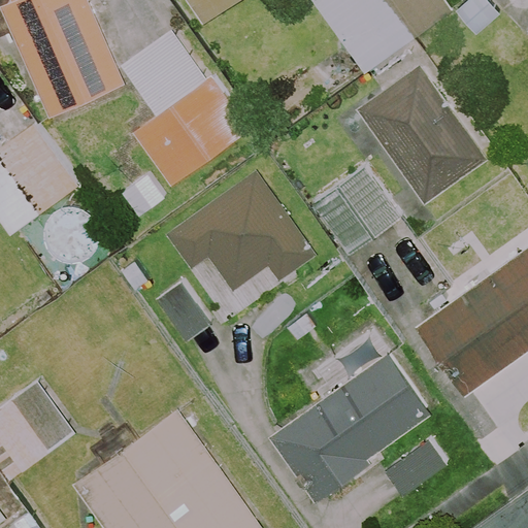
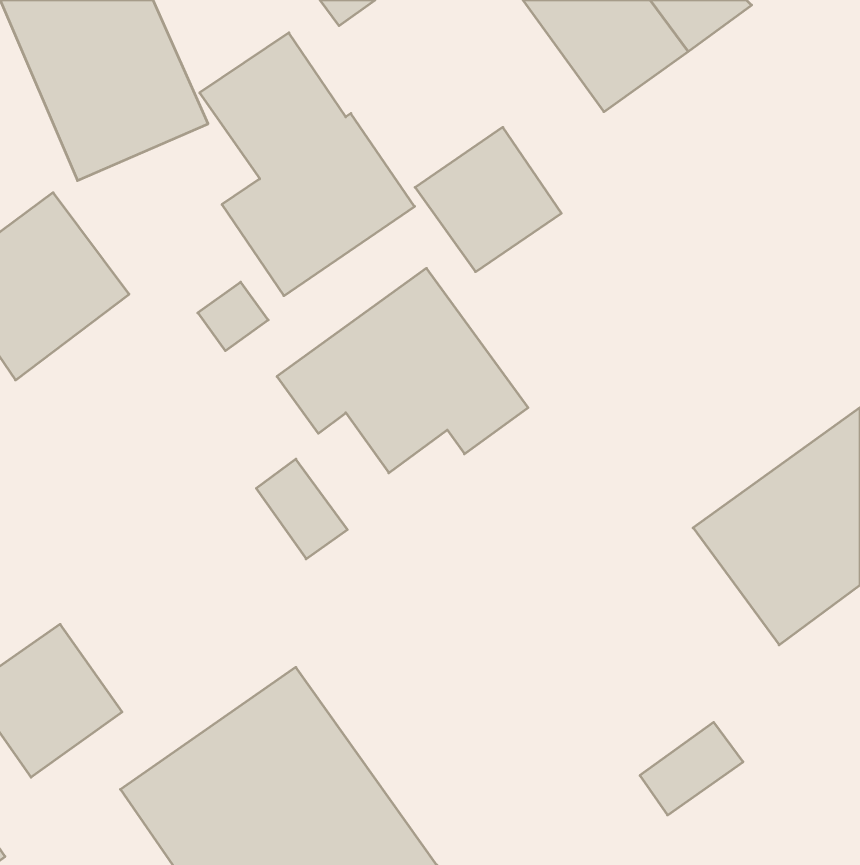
building: [354,64,486,205] -> none
building: [310,170,398,257] -> [415,127,561,272]
building: [268,352,431,502] -> none

